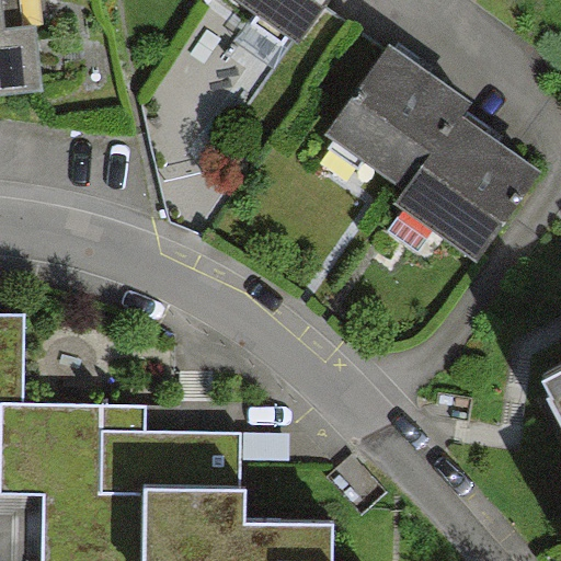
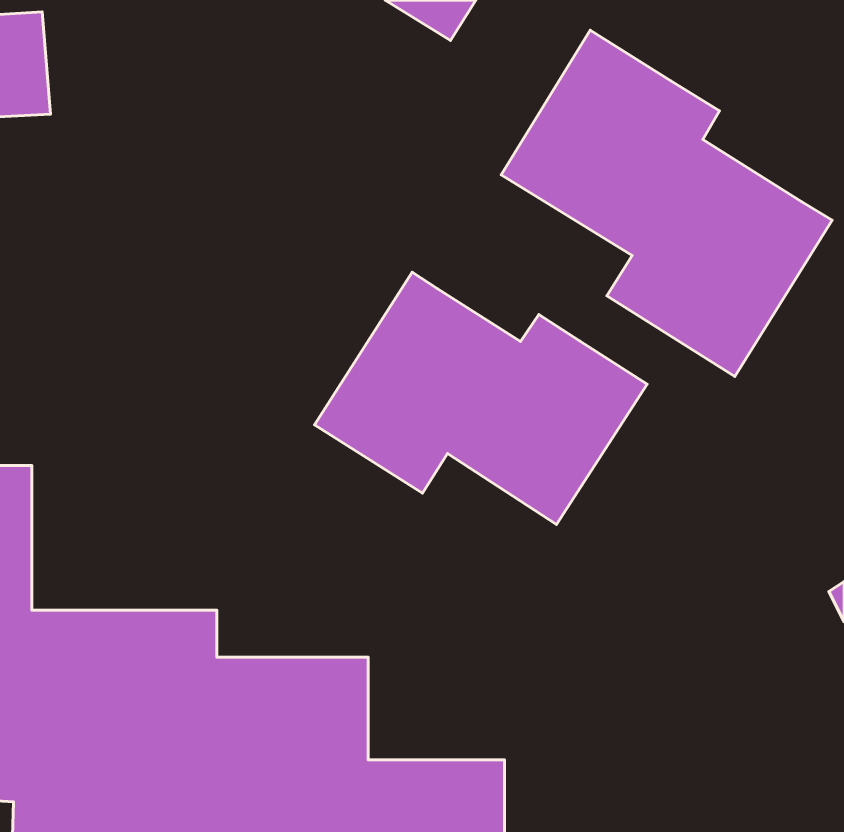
building: none -> [315,272,647,525]

